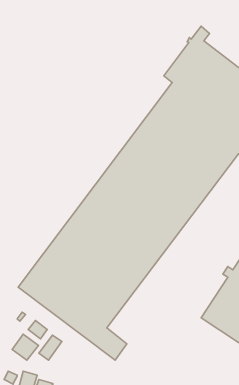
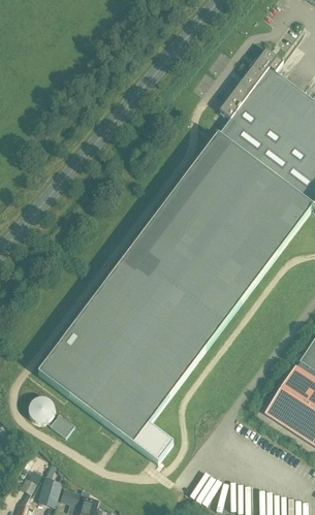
building: [12,334,38,360] -> none
building: [39,335,62,360] -> none

